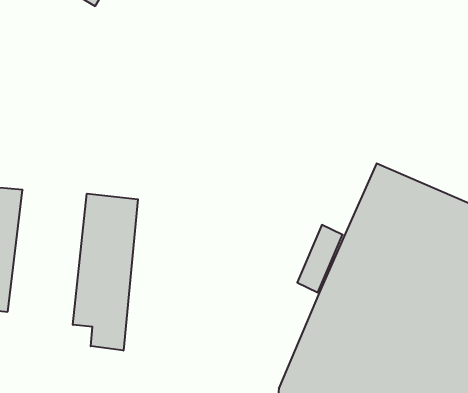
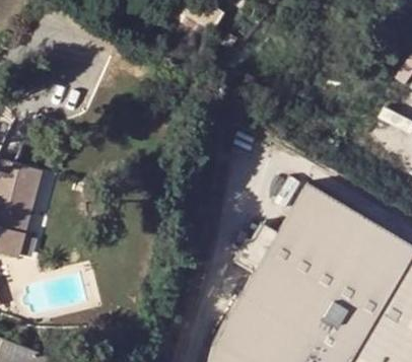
building: [73,194,138,351] -> none

